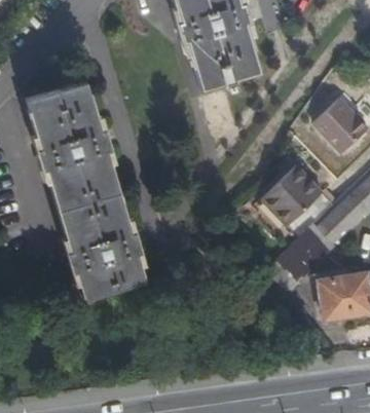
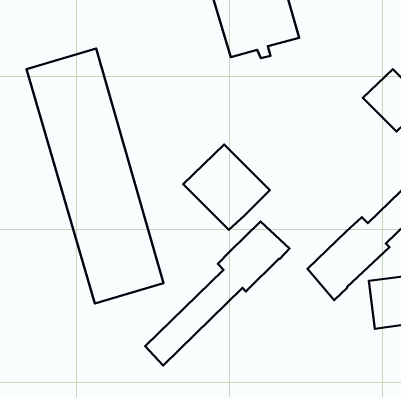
building: [261,163,335,236] -> [183,145,270,230]
building: none -> [145,222,290,365]

